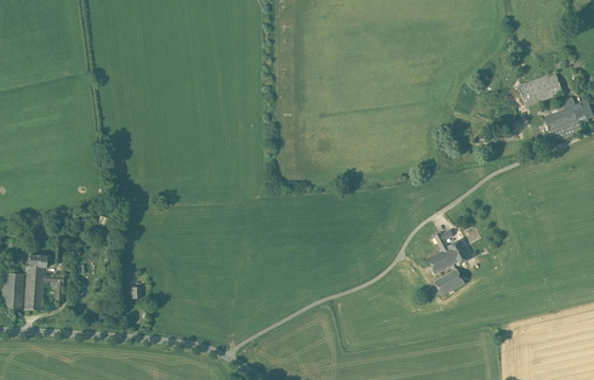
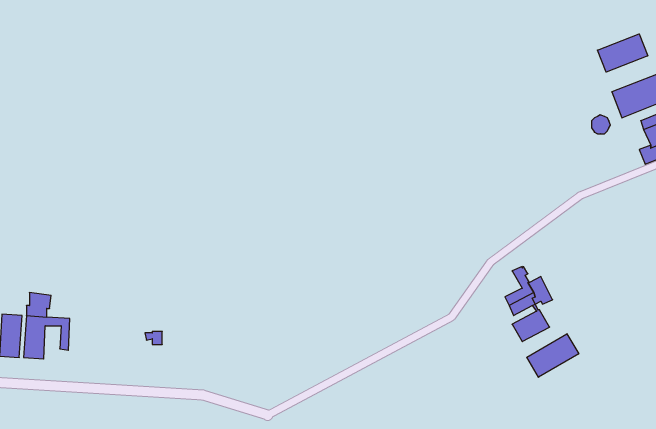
building: none -> [597,34,648,72]
building: none -> [527,334,579,377]

